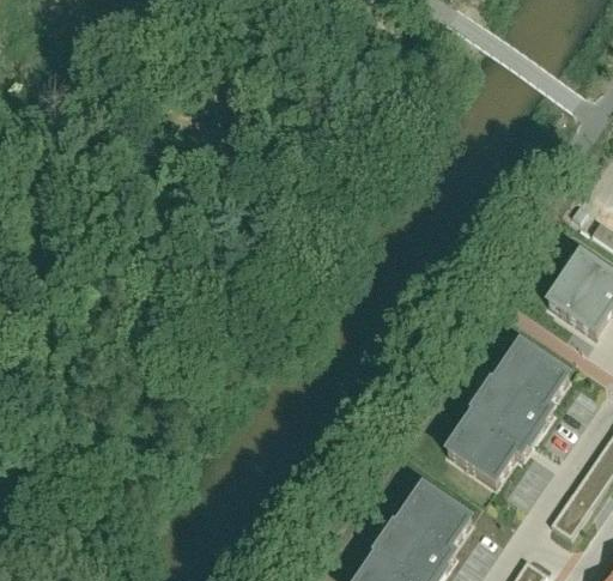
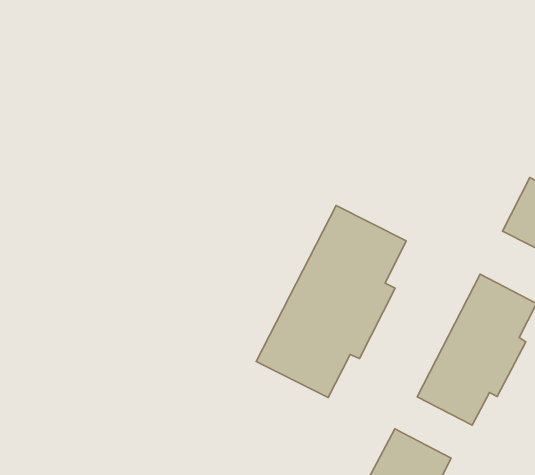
building: none -> [256,206,406,398]

